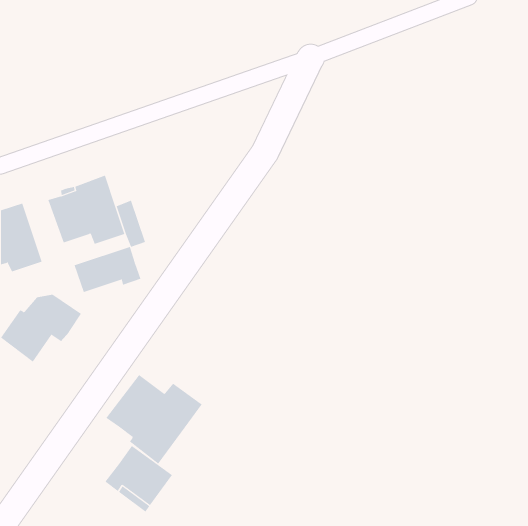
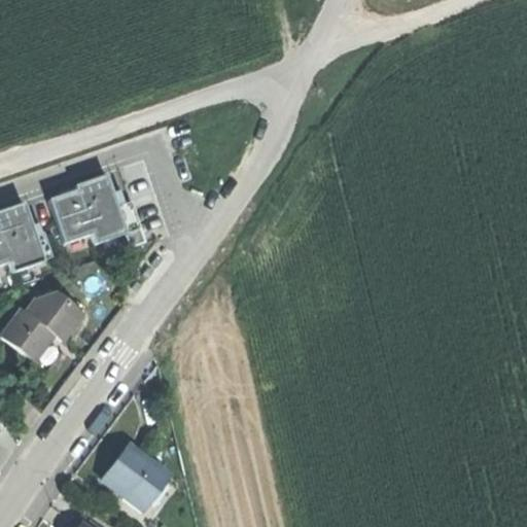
building: [74,246,141,293] -> none
building: [106,374,202,465] -> none

